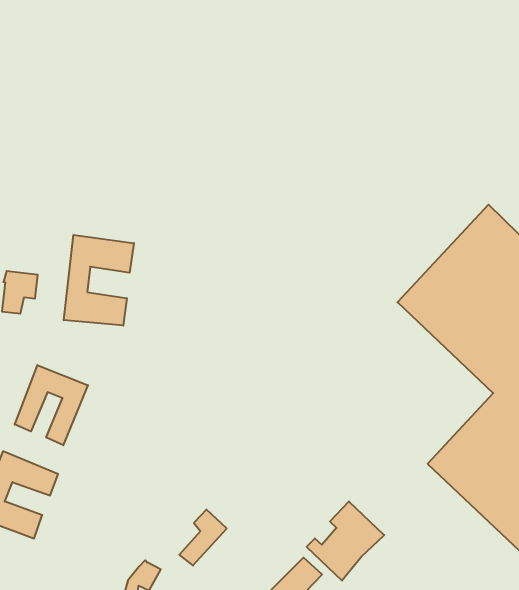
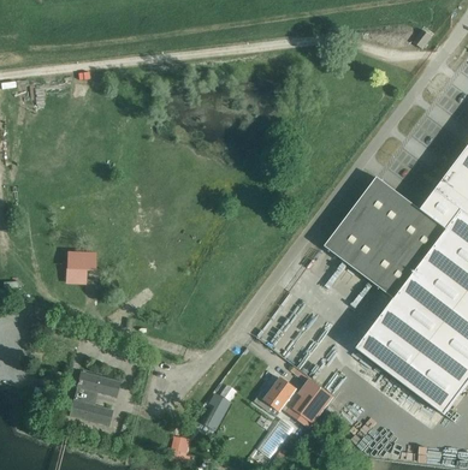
building: [64,235,134,326] -> none
building: [15,365,88,445] -> none
building: none -> [254,376,296,411]

